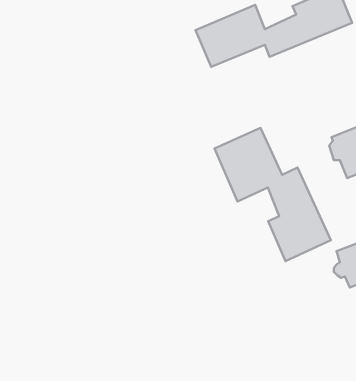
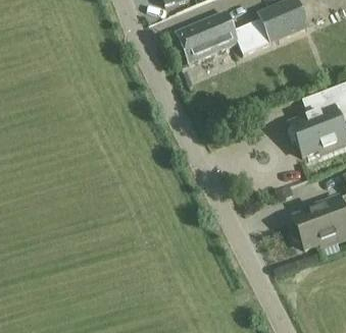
building: [214,128,331,261] -> none

